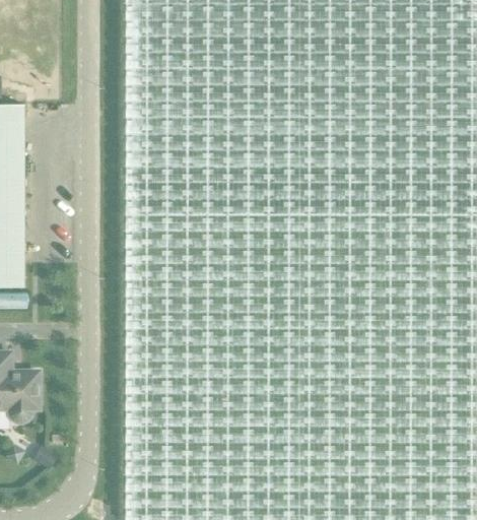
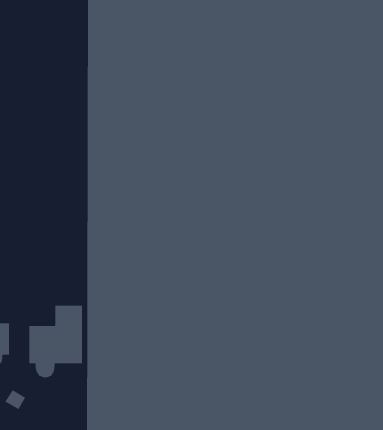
building: none -> [28,305,83,378]

